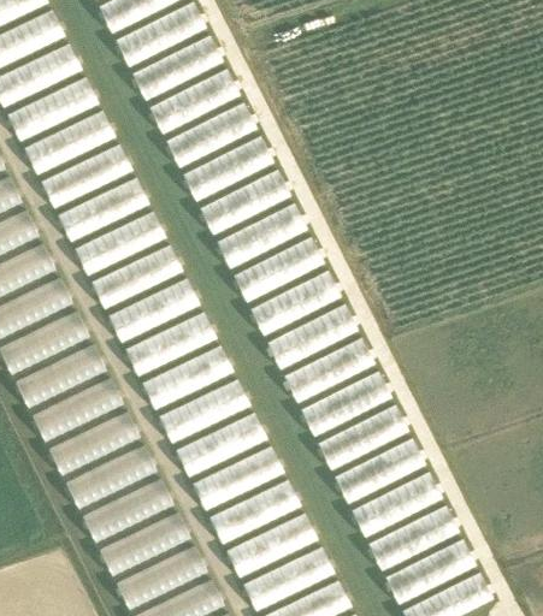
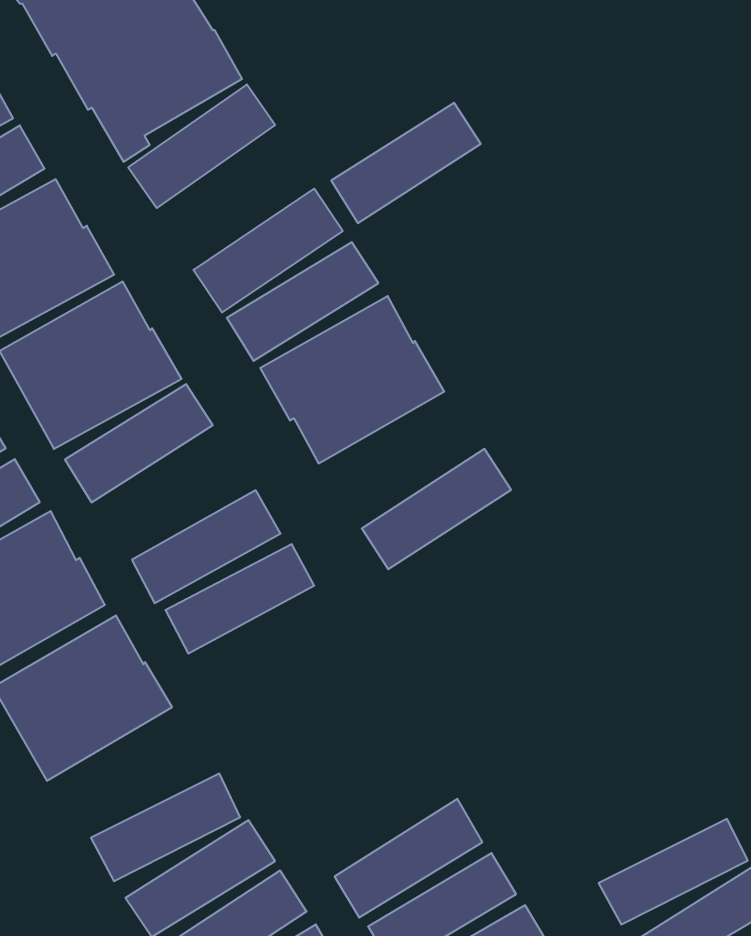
building: [165,102,258,168] -> [331,103,481,223]
building: [249,274,342,332] -> none
building: [108,282,200,338] -> none
building: [287,338,444,538] -> none
building: [159,379,252,442] -> none
building: [177,414,284,508] -> none
building: [65,445,157,508] -> none
building: [209,480,301,543] -> none
building: [367,507,460,570] -> none

